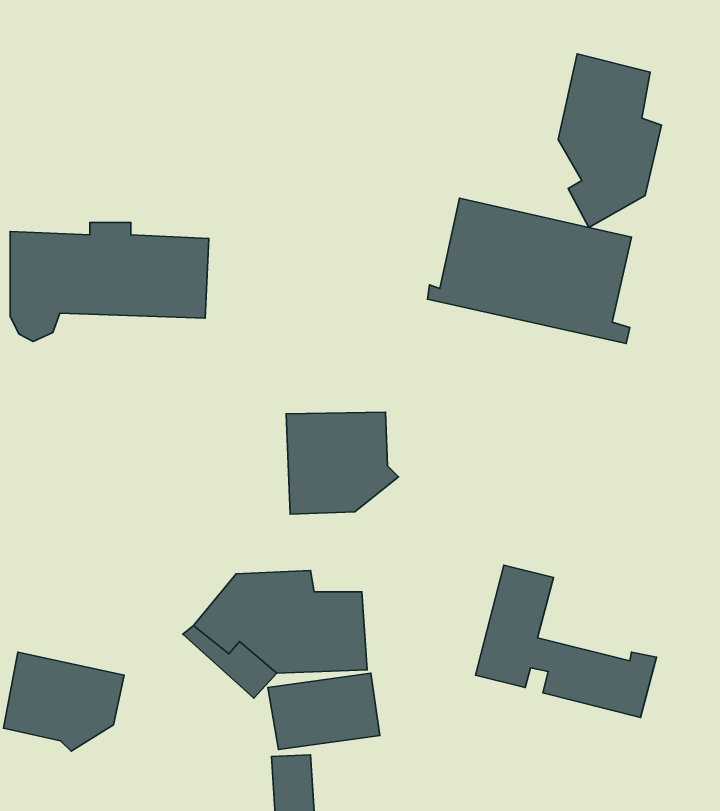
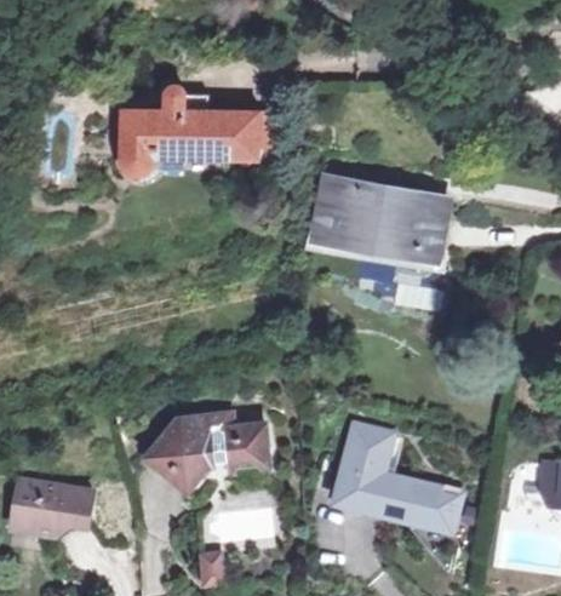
building: [558,54,661,227] -> none
building: [10,223,209,341] -> [121,94,257,176]
building: [286,412,398,514] -> none

